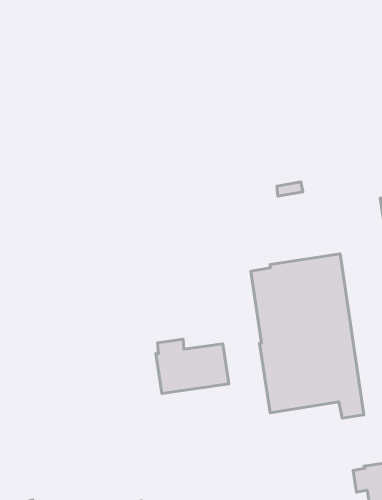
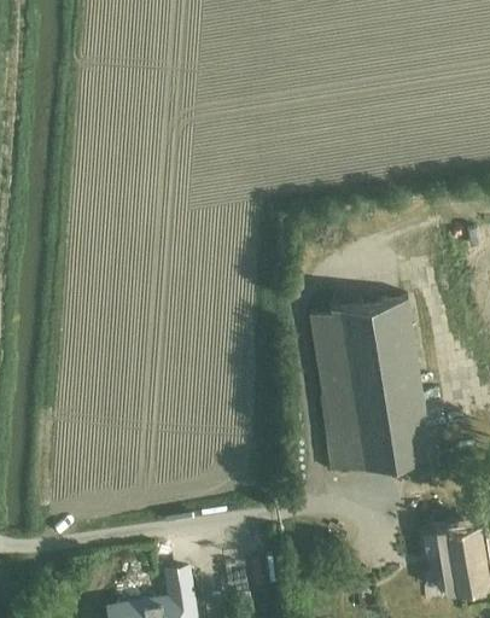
building: [156,339,229,393] -> none

